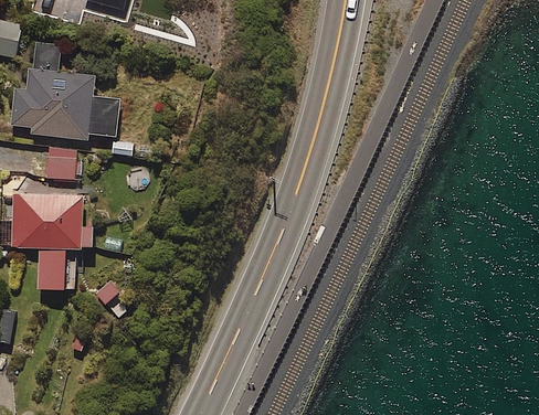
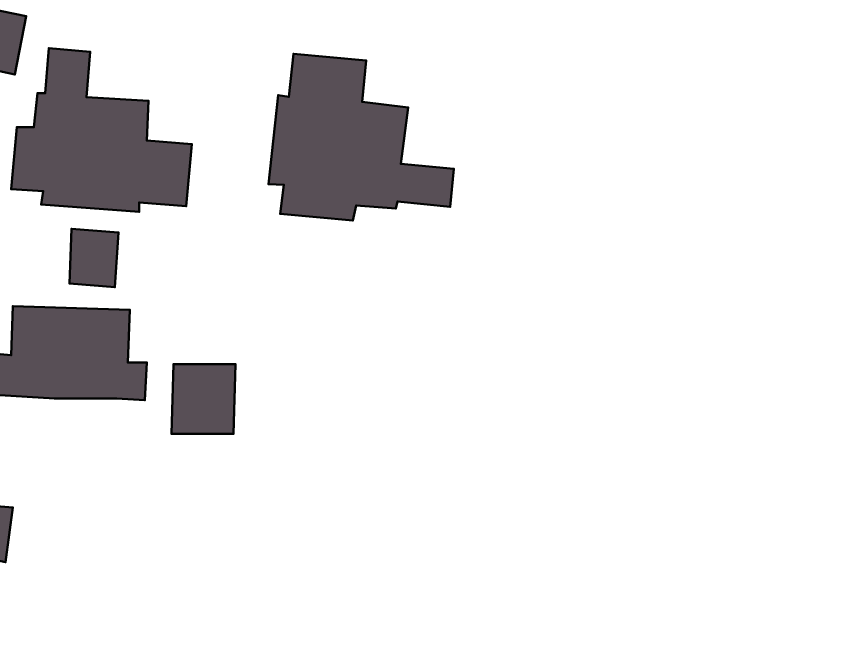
building: none -> [268,54,454,221]
building: [38,247,75,288] -> [171,364,236,434]

